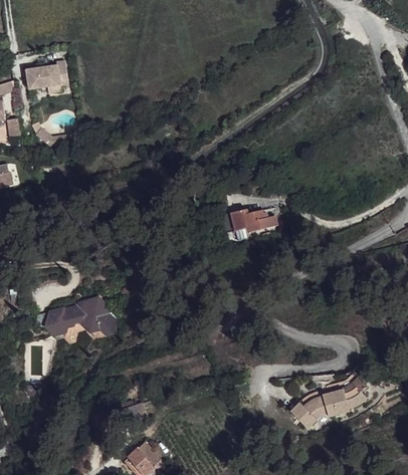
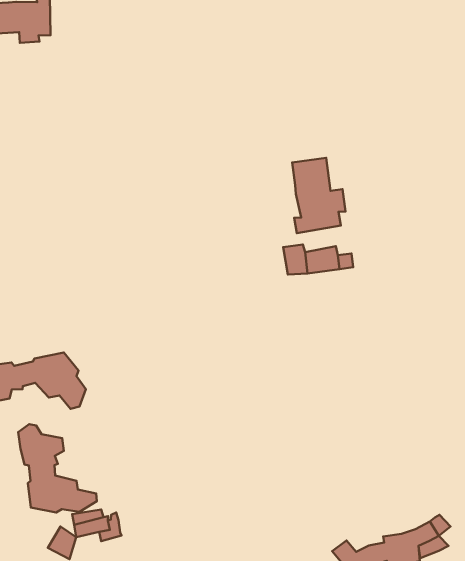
building: none -> [292,158,346,233]
building: none -> [18,424,97,513]

